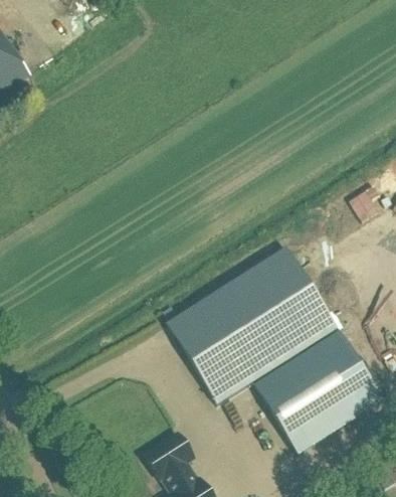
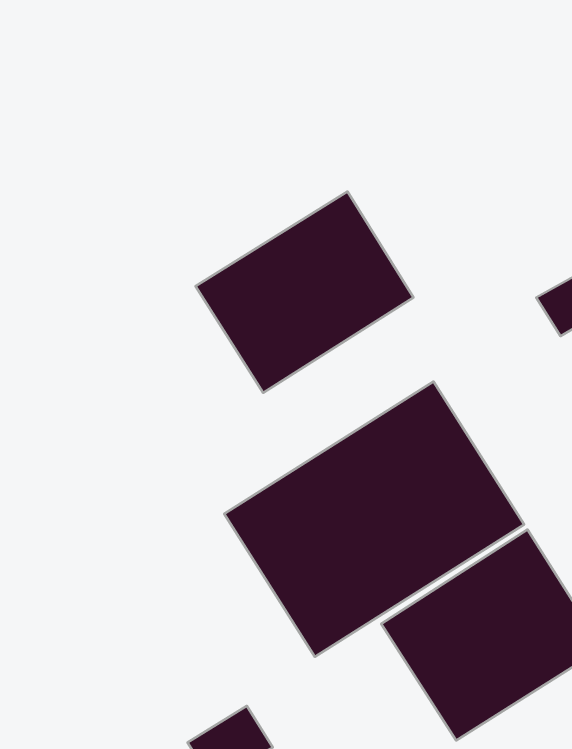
building: none -> [196,191,413,393]

